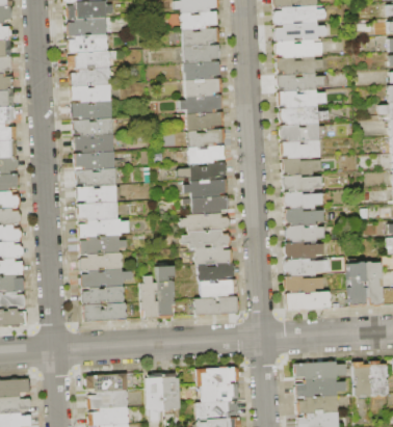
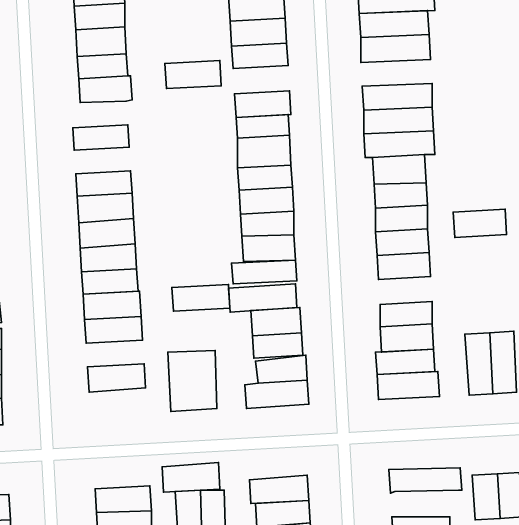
building: [273,74,323,92] -> none
building: [184,78,224,98] -> [165,60,221,89]
building: [77,103,110,121] -> none
building: [73,135,112,154] -> none
building: [286,225,323,245] -> [453,209,507,238]
building: [81,270,122,289] -> [172,285,230,311]
building: [83,303,124,324] -> [162,462,220,492]
building: [297,375,343,394] -> none

